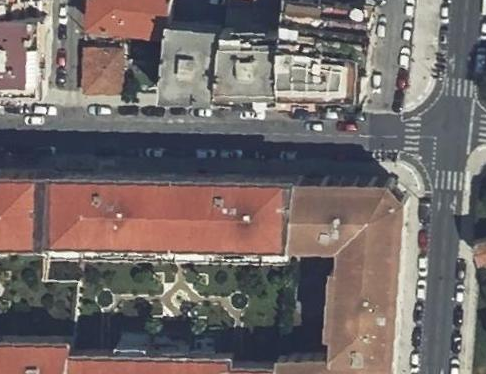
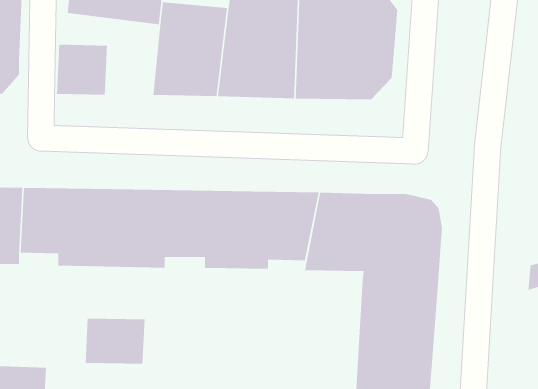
building: none -> [85,318,145,365]

